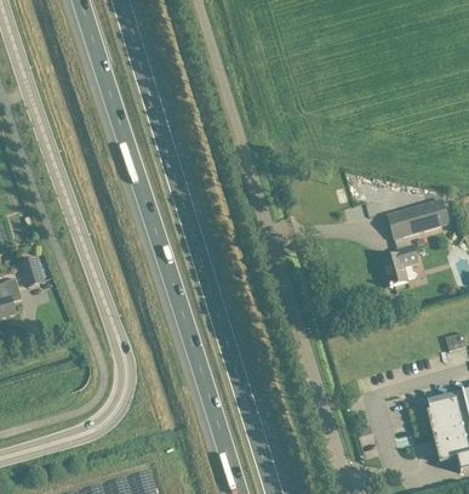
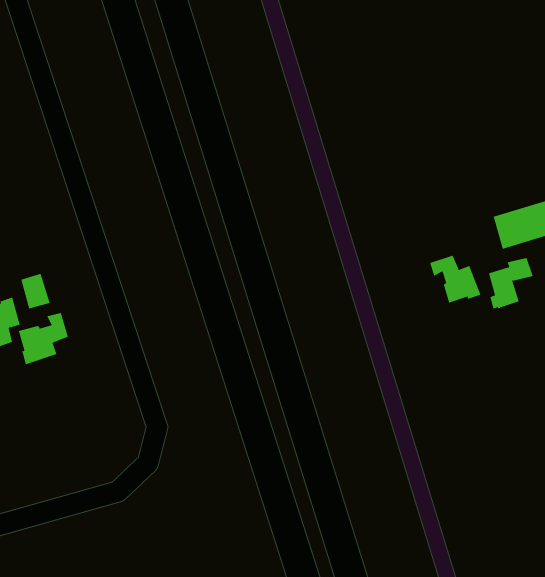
building: none -> [430,255,481,303]
building: none -> [18,312,68,365]

